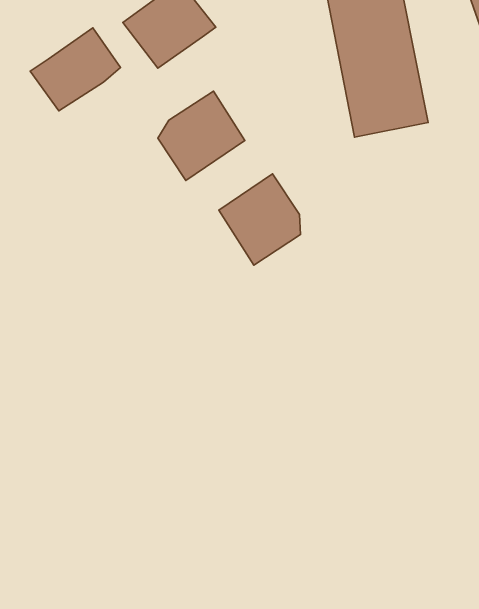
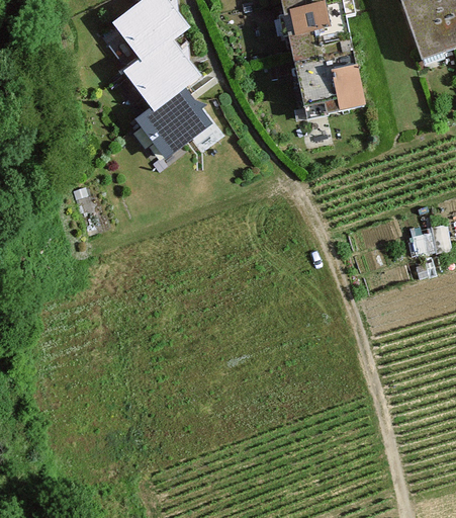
building: [30,28,120,111] -> [123,34,199,104]
building: [219,174,300,265] -> none

